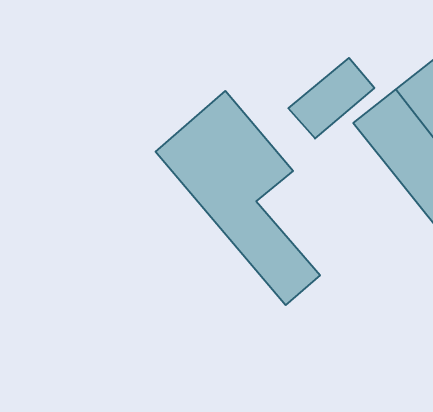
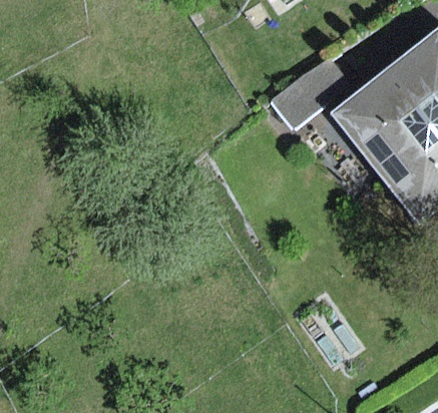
building: [156,91,320,305] -> none

